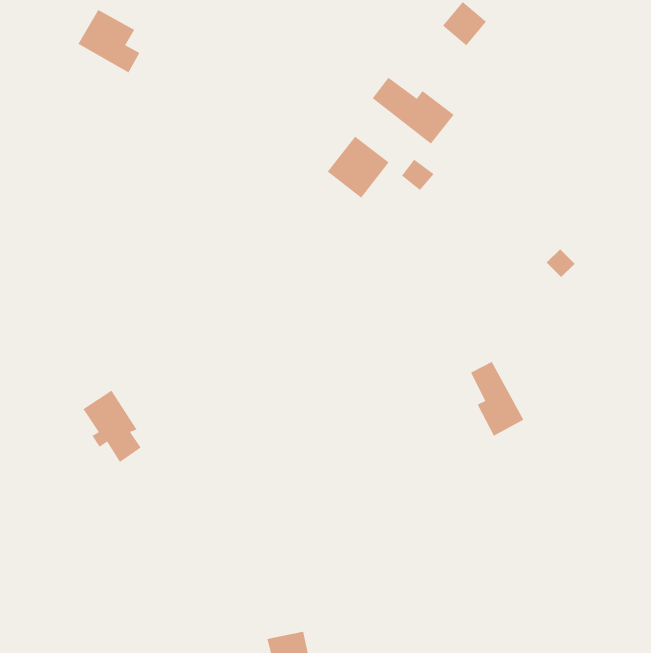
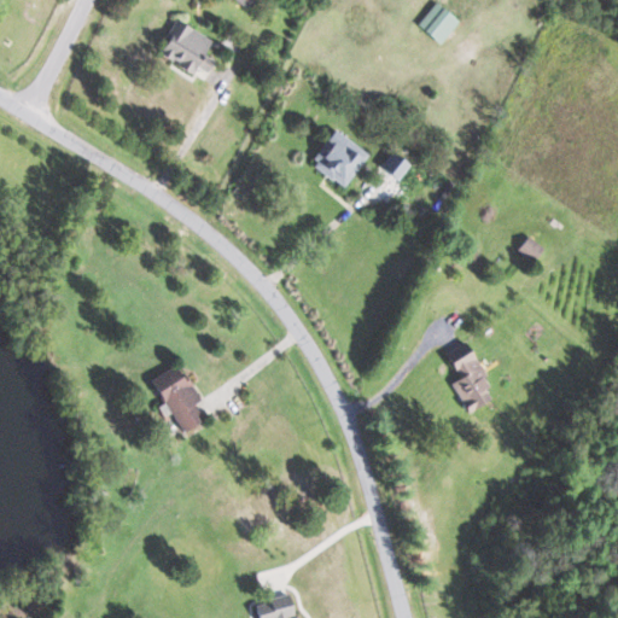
building: [77,9,140,73] -> [159,21,218,81]
building: [372,77,454,145] -> none
building: [82,390,141,463] -> [150,363,205,432]

